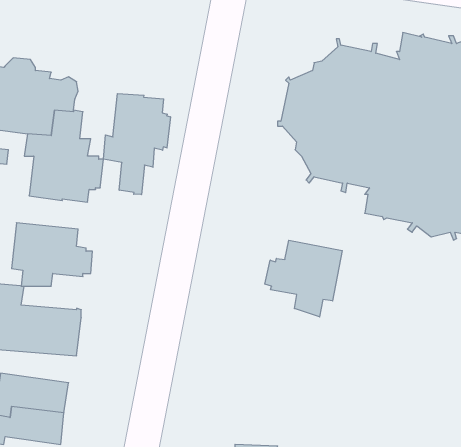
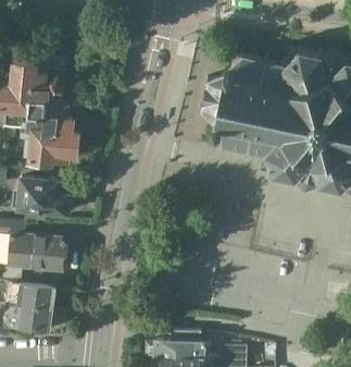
building: [103,94,170,195] -> none
building: [265,240,342,317] -> none

